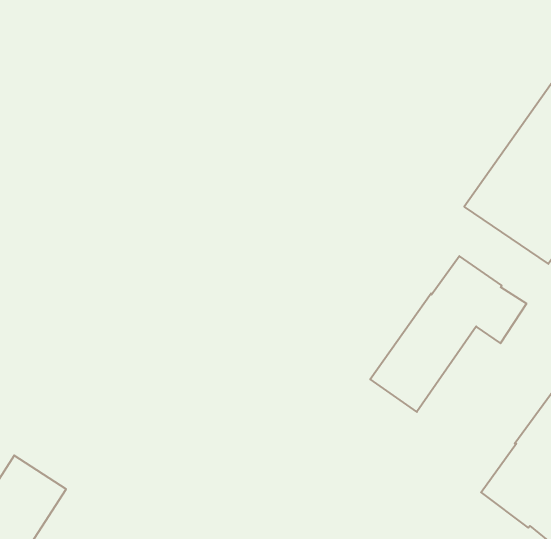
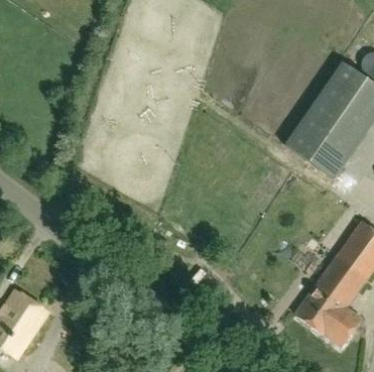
building: [370,256,526,412] -> none

